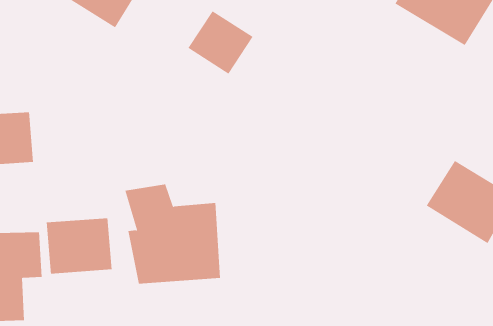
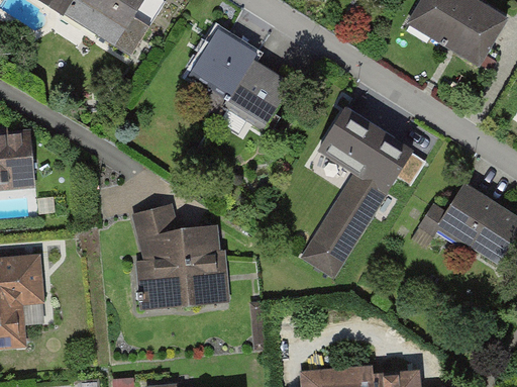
building: none -> [229,63,296,130]
building: none -> [302,107,414,275]
building: [46,218,112,274] -> none

